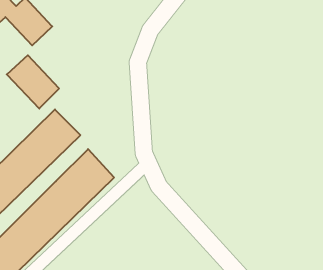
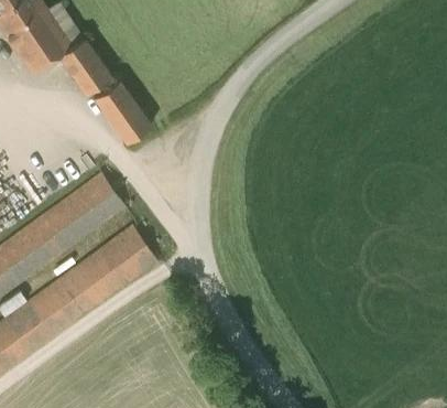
building: [7,55,59,109] -> [92,79,151,143]

